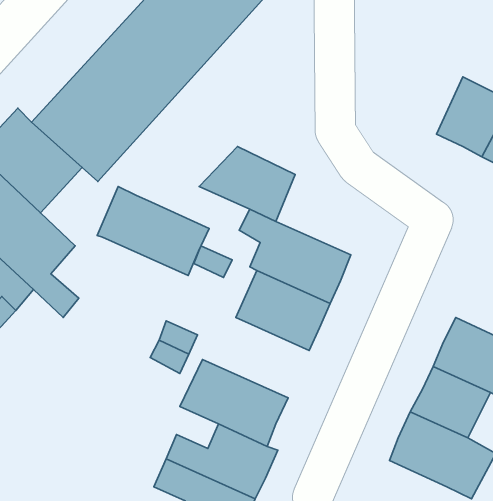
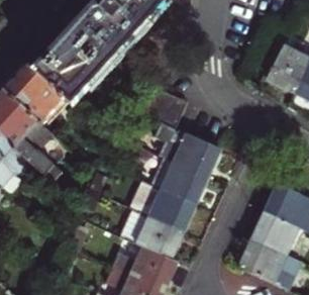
building: [97,187,209,276] -> [130,180,195,231]

